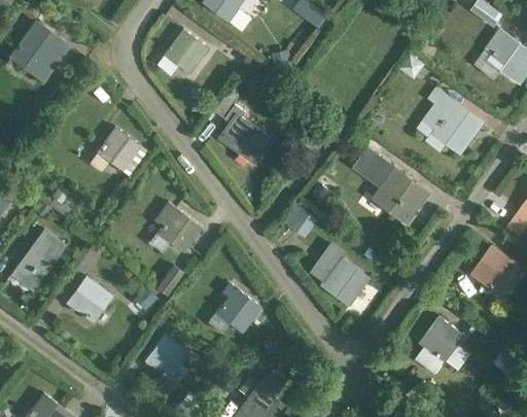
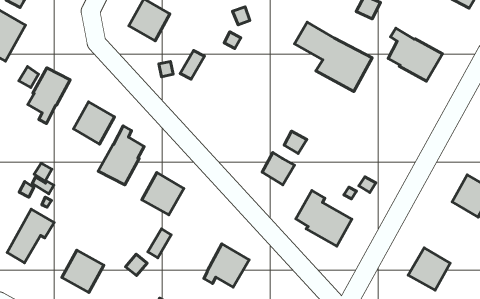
building: none -> [28,68,70,123]
building: [219,106,272,160] -> none
building: [352,148,429,224] -> [295,22,372,91]
building: none -> [98,126,144,185]

